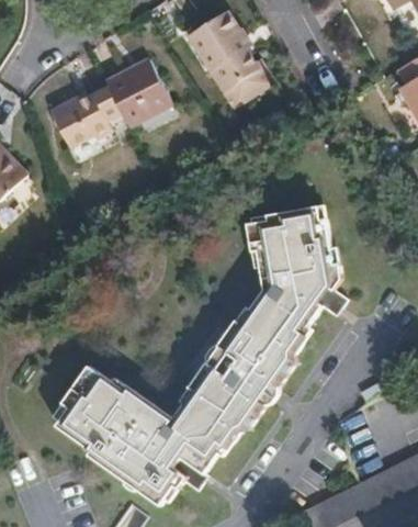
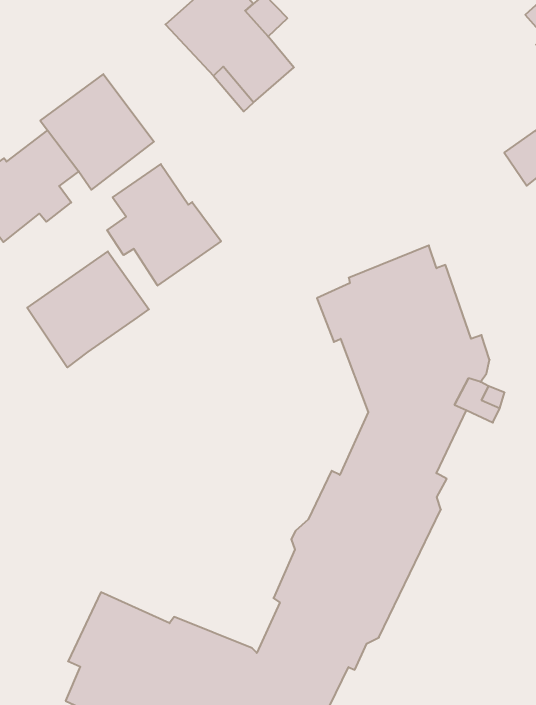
building: none -> [107,164,221,286]
building: none -> [27,251,149,367]

